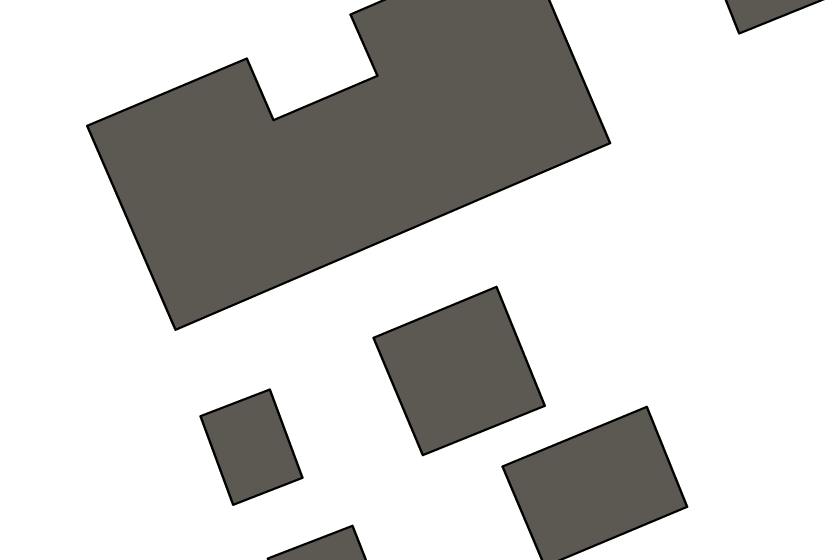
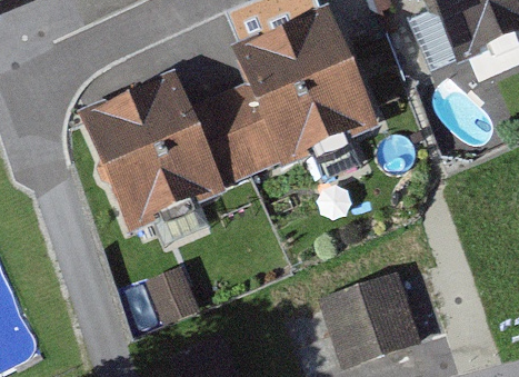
building: [373,287,545,455] -> none

